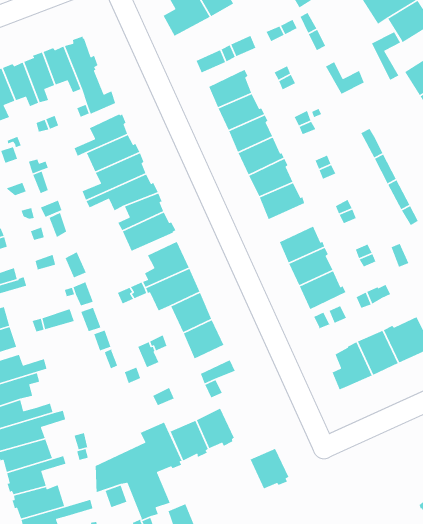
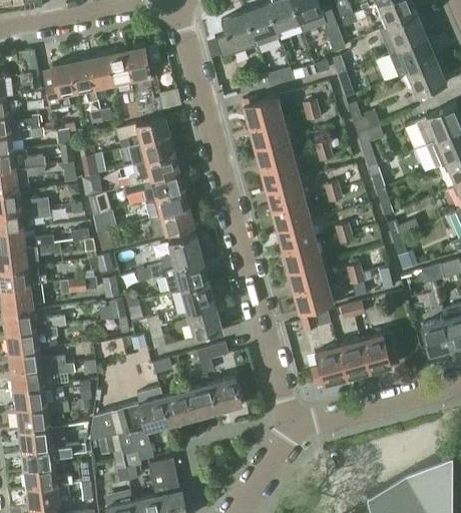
building: [371,31,401,81] -> [357,125,383,167]
building: none -> [277,220,315,249]
building: [249,448,290,489] -> [209,378,242,412]

